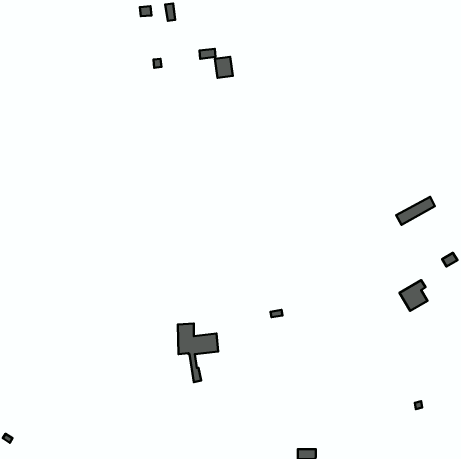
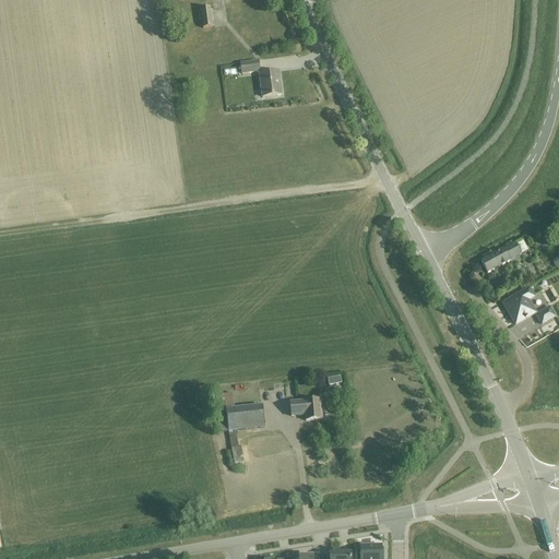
building: [399,280,427,311] -> [501,286,535,323]
building: none -> [290,397,322,418]

